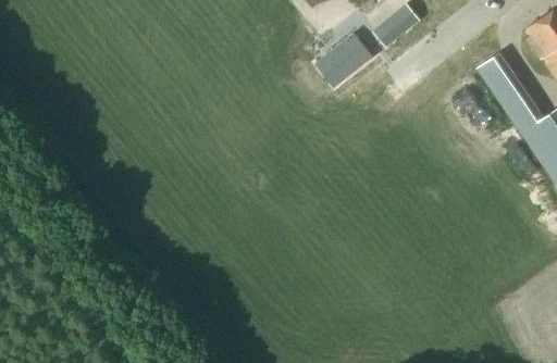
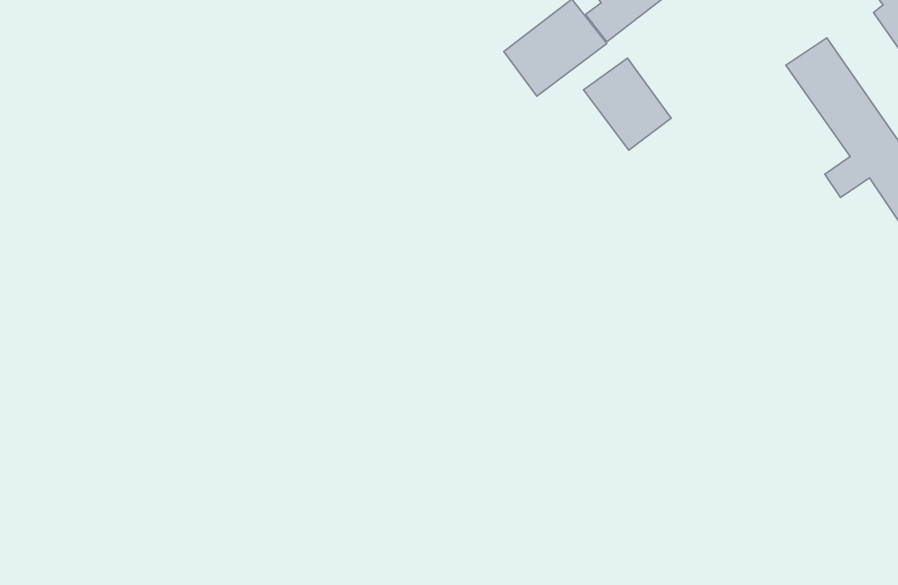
building: none -> [584,58,671,150]

